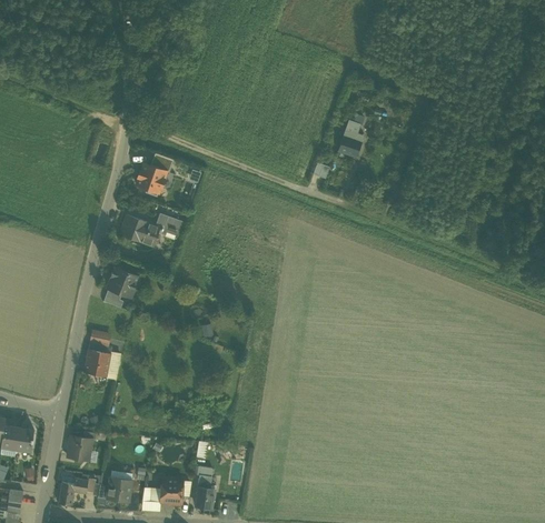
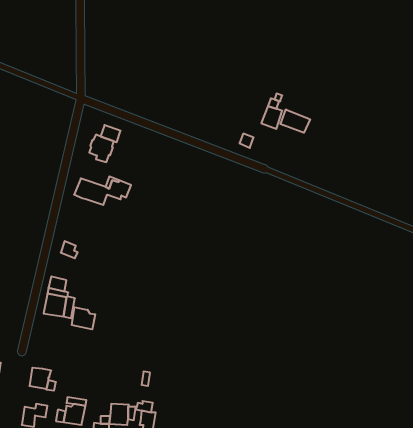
building: none -> [280,109,310,133]
building: [108,266,139,294] -> none
building: none -> [72,307,95,329]

